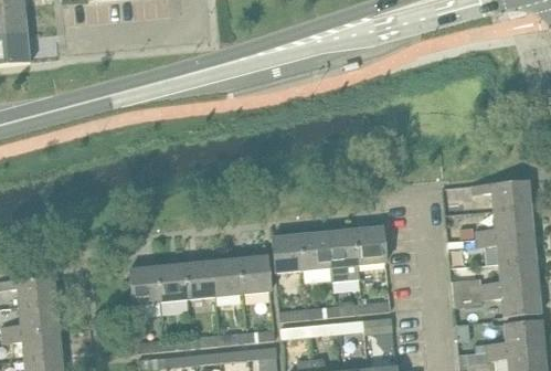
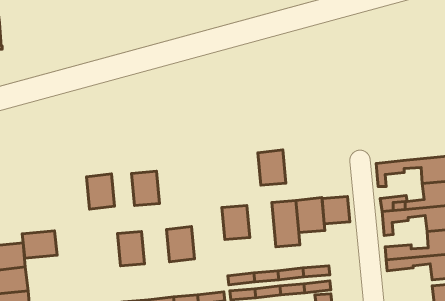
building: none -> [322,197,350,224]
building: [300,231,331,269] -> [258,150,286,185]
building: [240,255,272,293] -> none
building: [184,261,215,298] -> [131,171,160,205]
building: none -> [22,231,57,258]
building: [130,265,161,304] -> [86,174,114,209]

